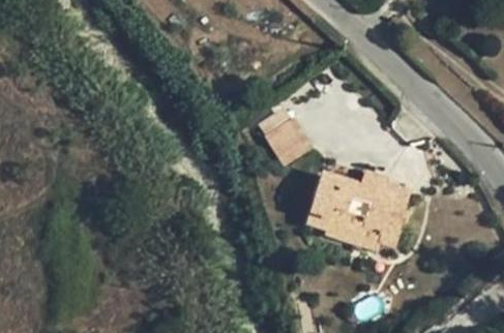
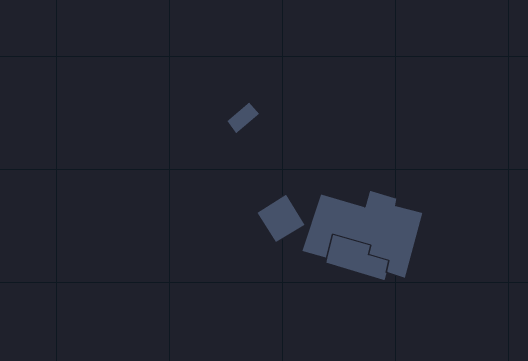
building: [267,119,309,161] -> [257,194,305,243]

